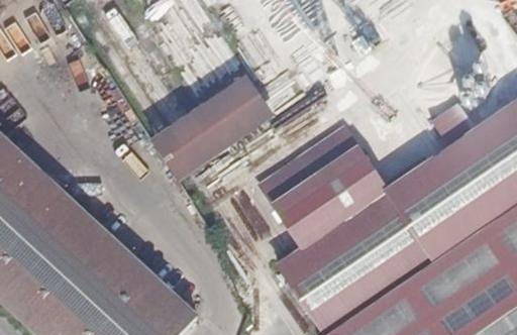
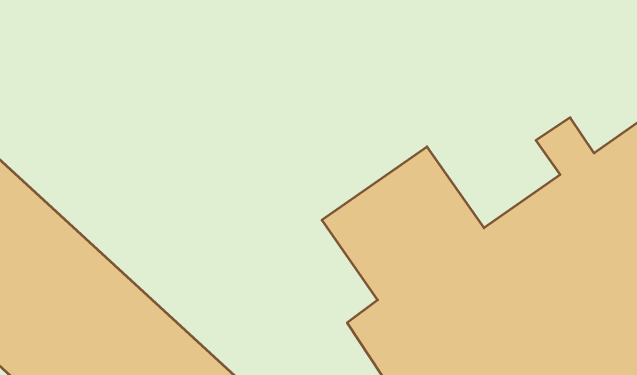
building: [153,73,282,181] -> none

